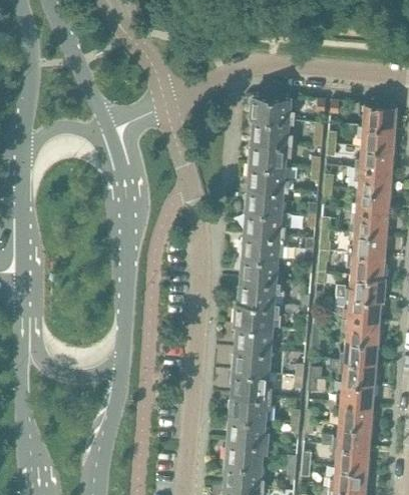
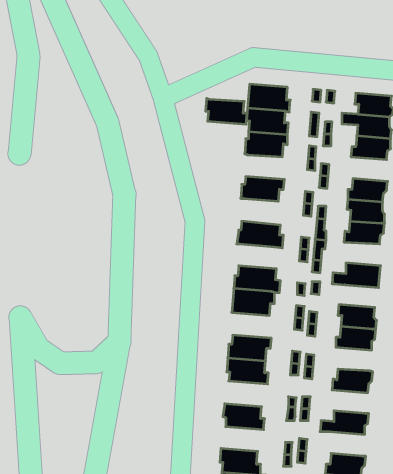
building: [247,167,289,193] -> [206,98,247,124]
building: [354,170,393,195] -> none
building: [243,212,290,239] -> none
building: [347,257,386,281] -> none
building: [239,259,281,284] -> none
building: [335,299,383,323] -> none
building: [234,328,276,354] -> none
building: [330,362,377,388] -> none
building: [228,397,275,423] -> none
building: [335,406,374,430] -> none
building: [224,443,267,468] -> none
building: [332,448,370,473] -> none

